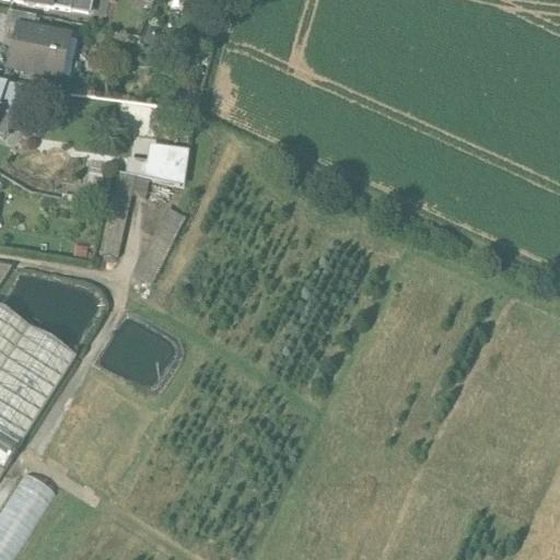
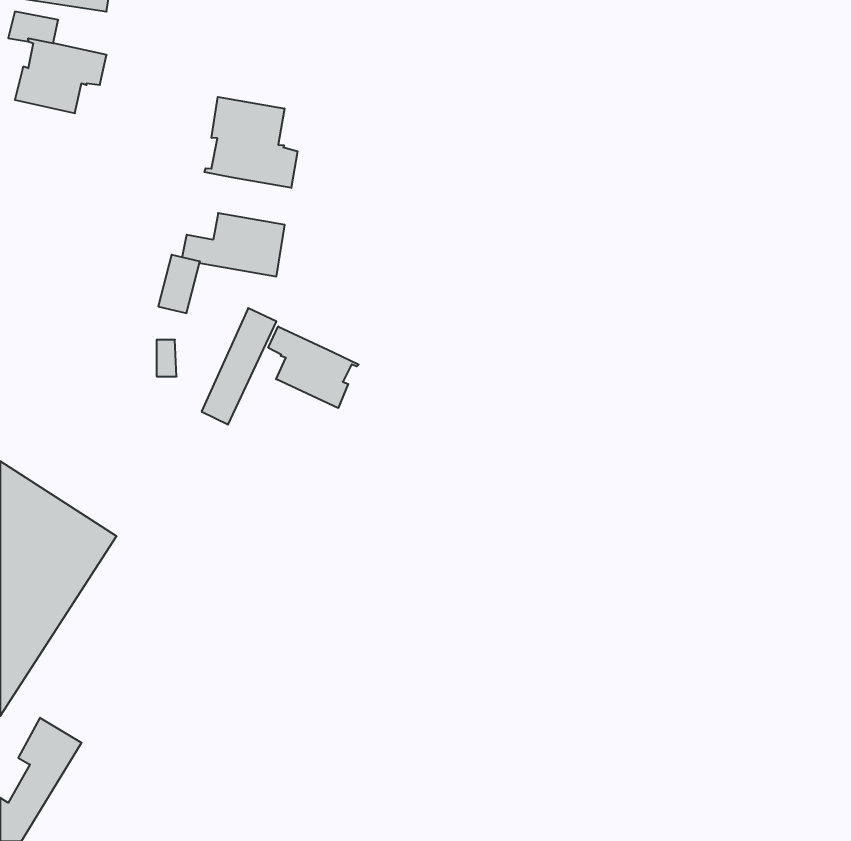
building: none -> [204,97,298,188]
building: none -> [268,326,359,408]

